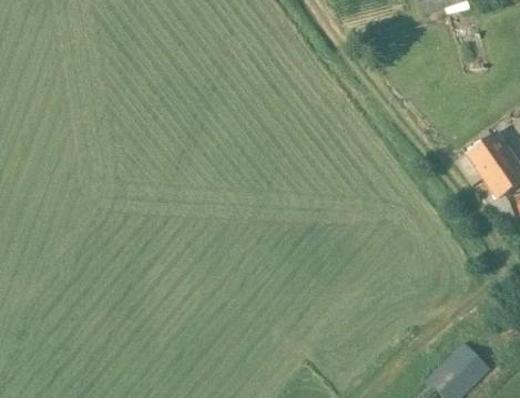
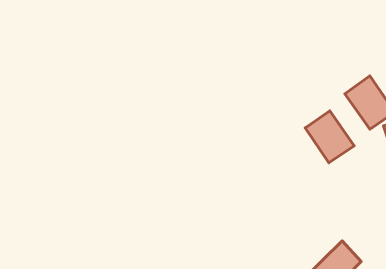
building: none -> [305,111,354,163]

